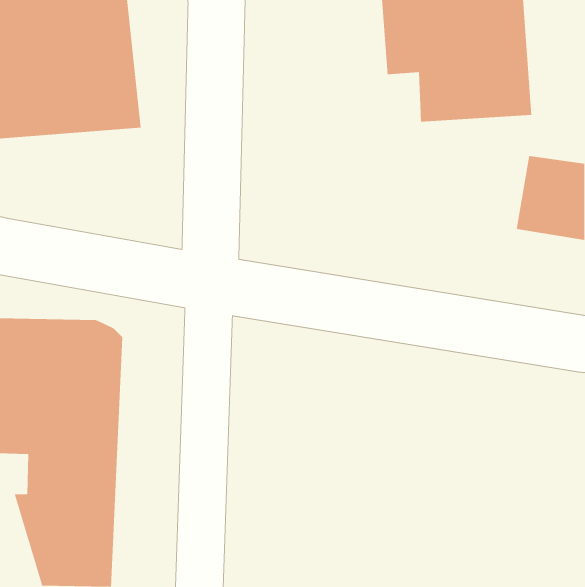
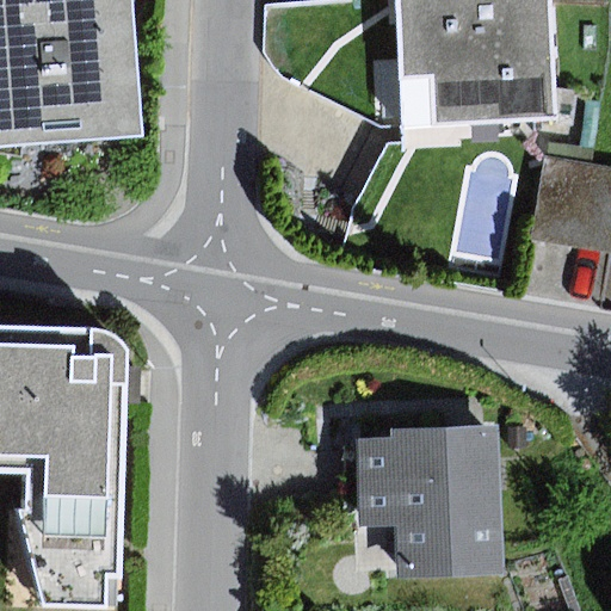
building: none -> [356,426,500,578]

